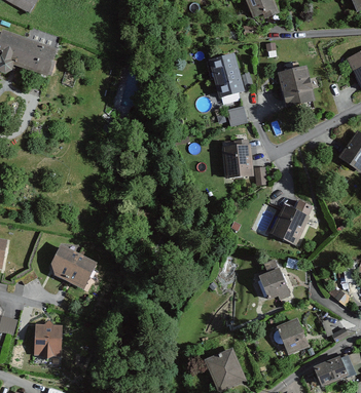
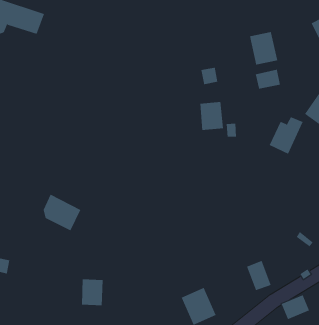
building: [209,54,242,94] -> none
building: none -> [255,69,280,90]
building: [273,201,311,243] -> [269,116,303,155]
building: [262,260,289,297] -> none
building: [35,325,60,355] -> [81,279,103,306]

